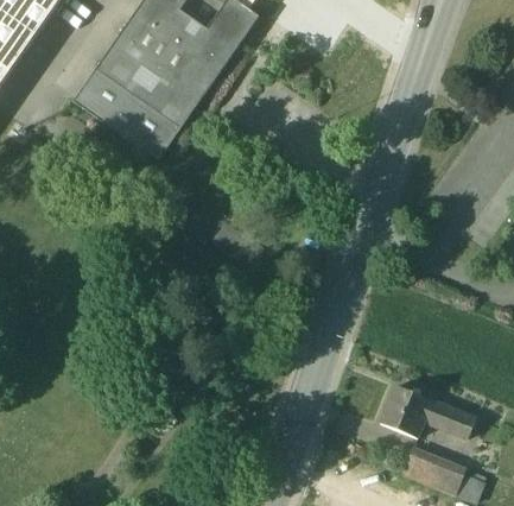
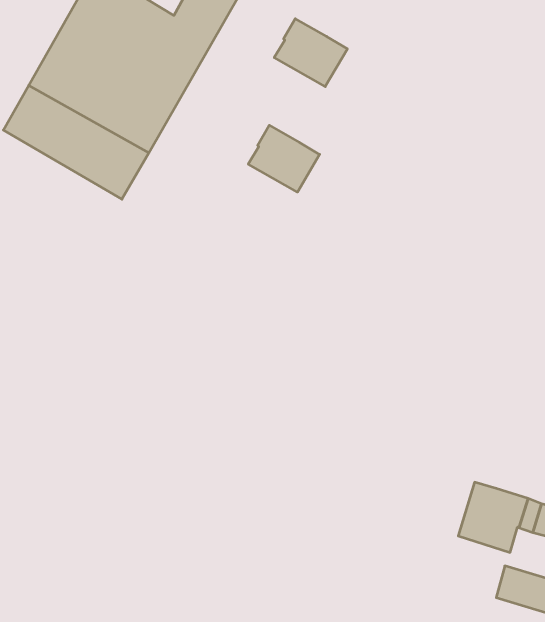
building: none -> [274,19,347,87]
building: none -> [248,125,320,192]

